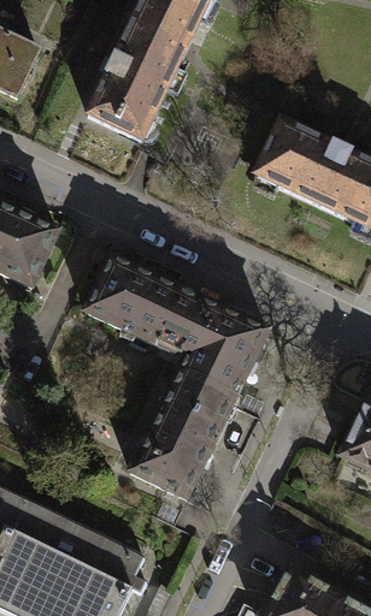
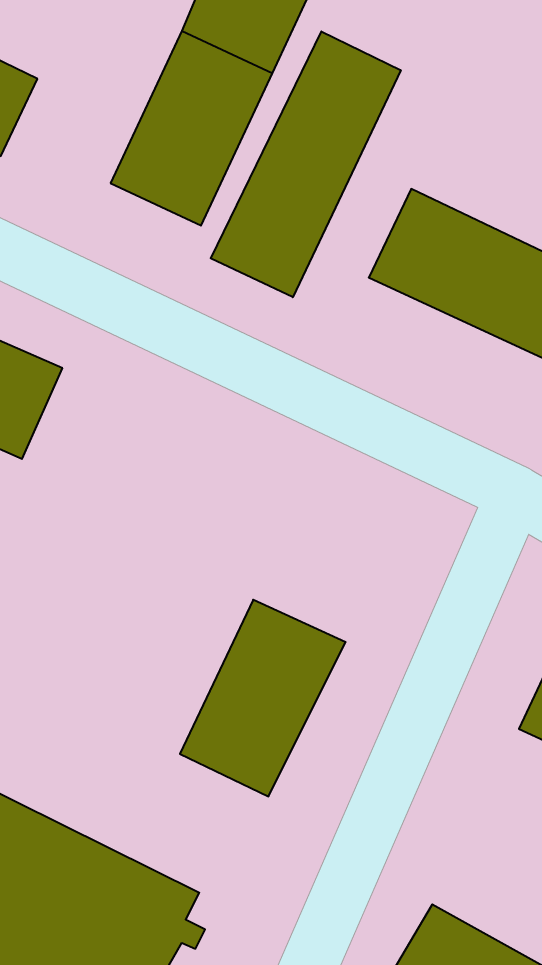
building: none -> [211,31,401,297]
building: [84,257,267,402] -> none

